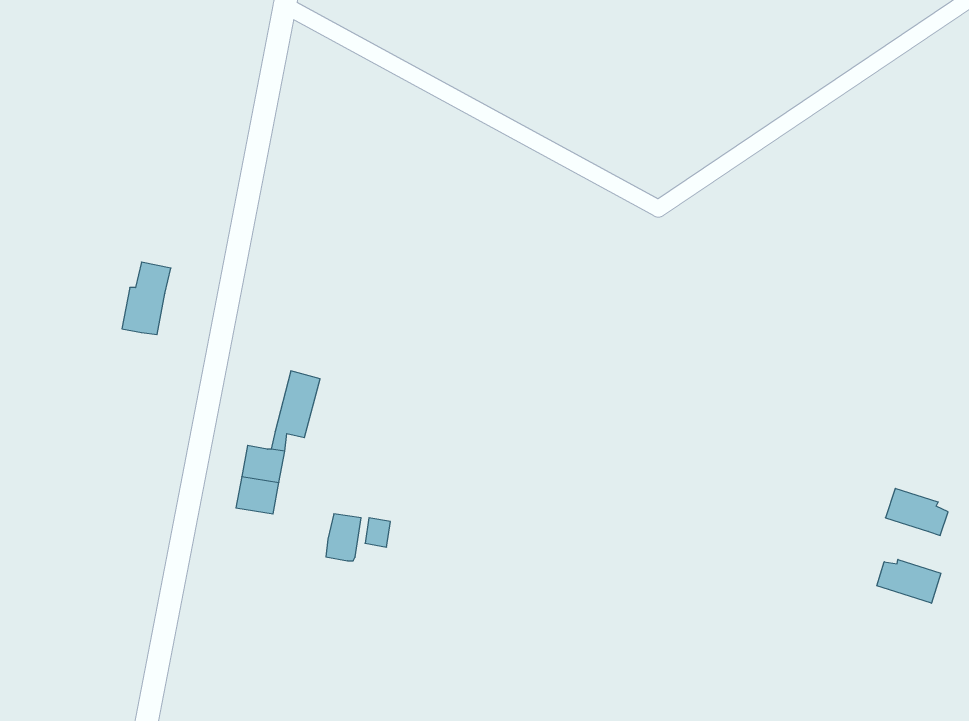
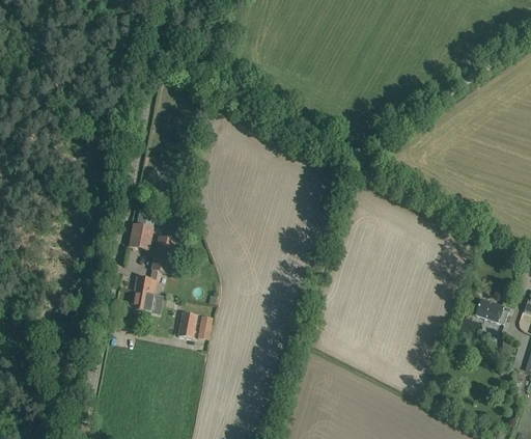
building: [122,262,171,335] -> [130,211,156,249]
building: [877,559,941,603] -> none

